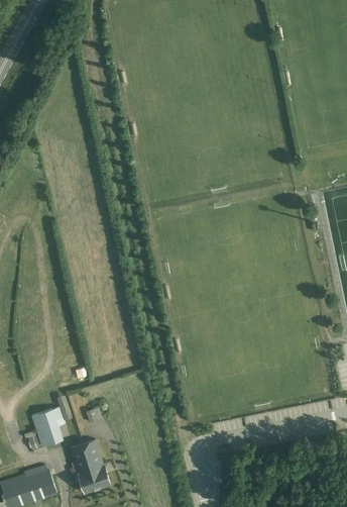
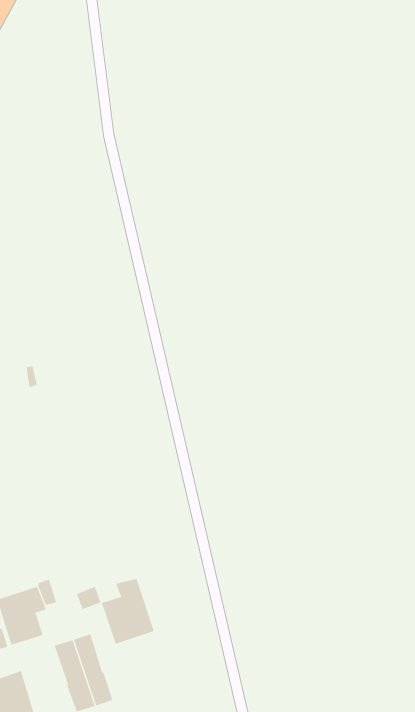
building: none -> [101,578,155,645]

